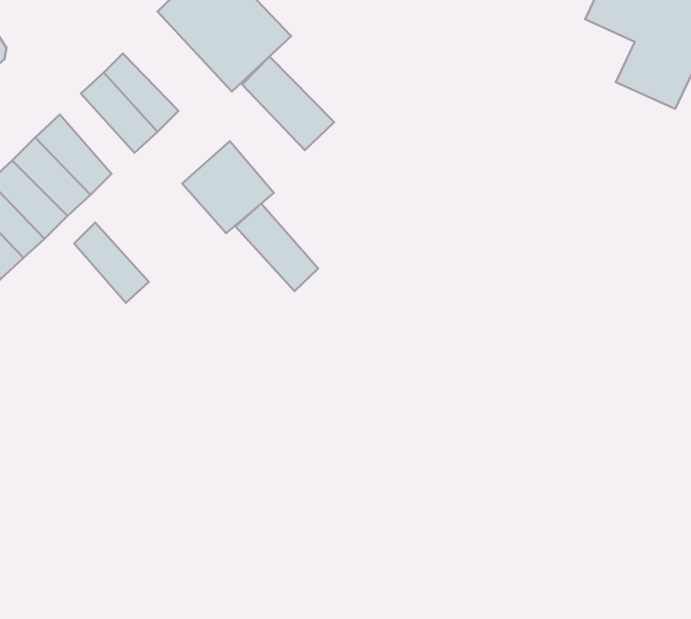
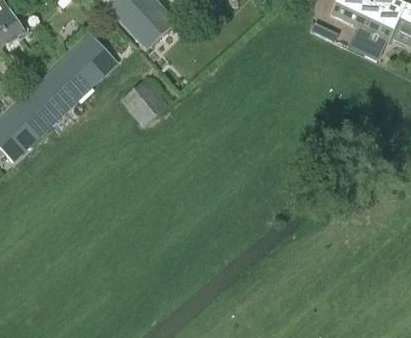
building: [242,57,334,150] -> none
building: [235,204,318,291] -> none
building: [74,223,149,303] -> [56,52,95,94]

